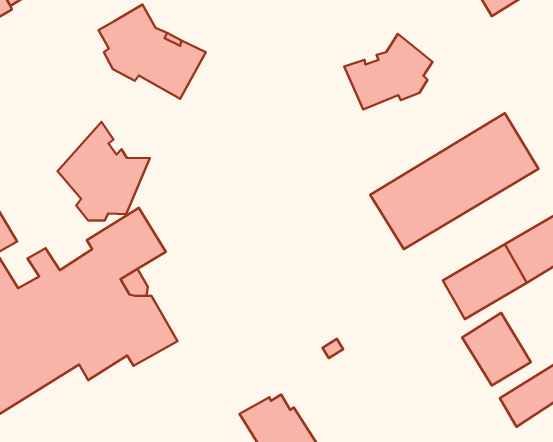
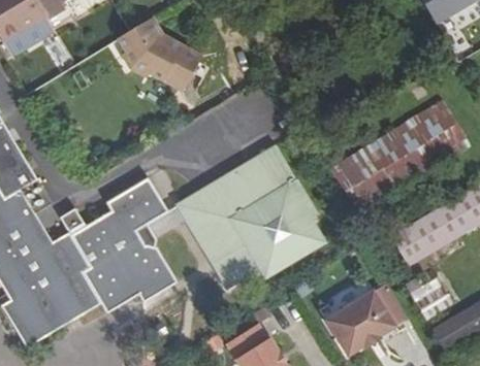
building: [344,34,433,110] -> none
building: [57,122,150,221] -> none
building: none -> [172,146,322,293]
building: none -> [326,290,395,354]

